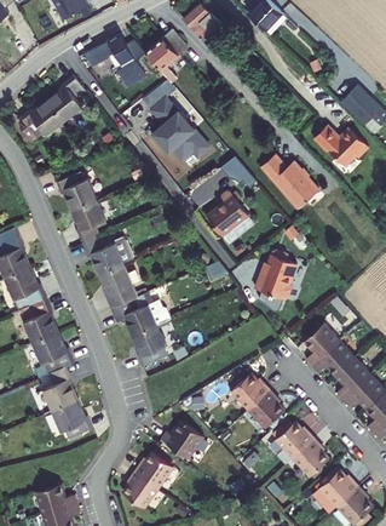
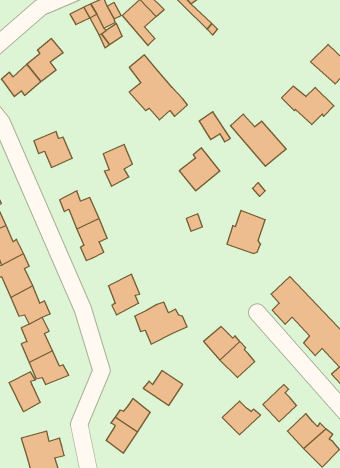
building: [71,201,102,245] -> [103,144,132,186]
building: [114,291,168,335] -> [135,302,187,344]
building: [273,423,313,458] -> [222,401,261,435]
building: none -> [9,372,40,412]

